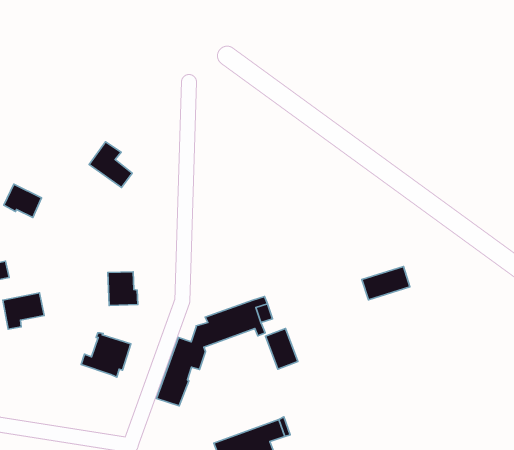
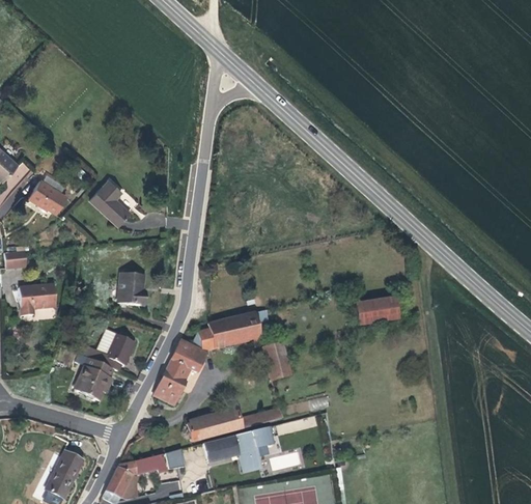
building: [89,142,132,187] -> [90,180,130,225]
building: none -> [77,355,113,400]
building: none -> [187,411,282,441]

